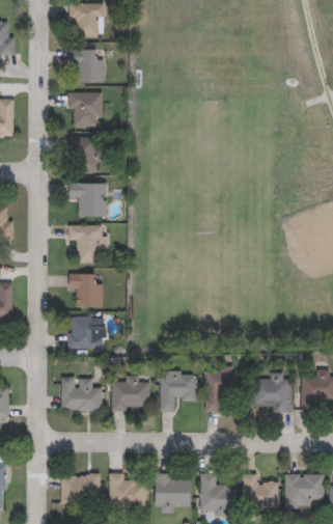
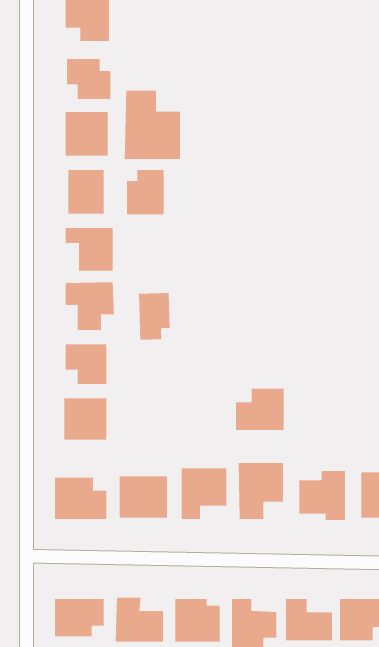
building: none -> [124,90,181,160]
building: none -> [126,169,164,215]
building: none -> [138,292,170,341]
building: none -> [235,388,284,431]

